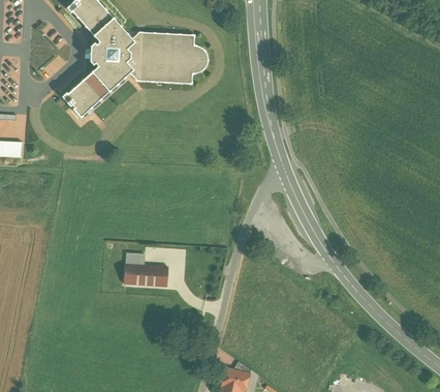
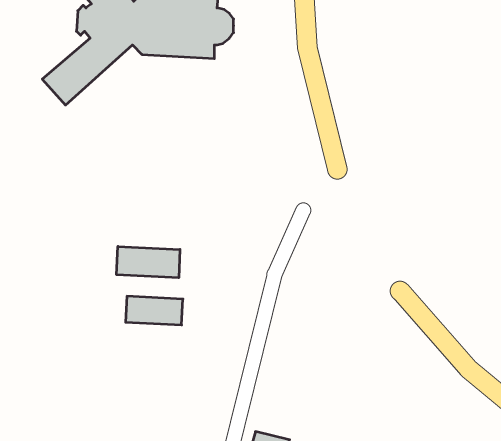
building: none -> [117,246,180,278]

